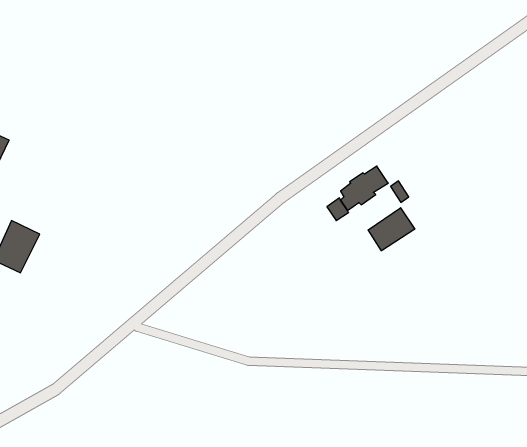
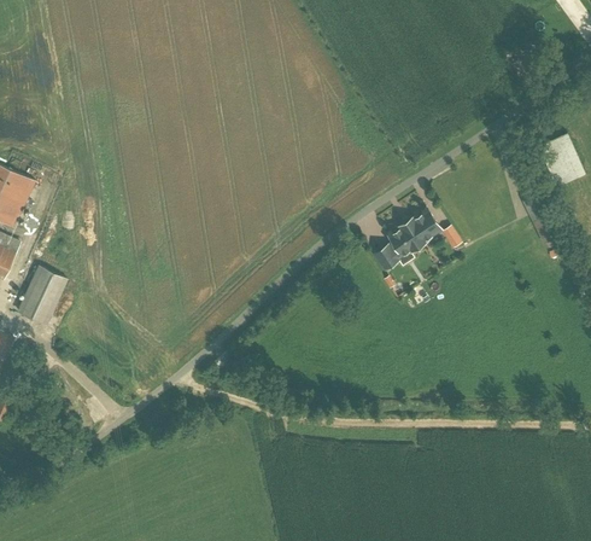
building: [368,208,415,251] -> none

